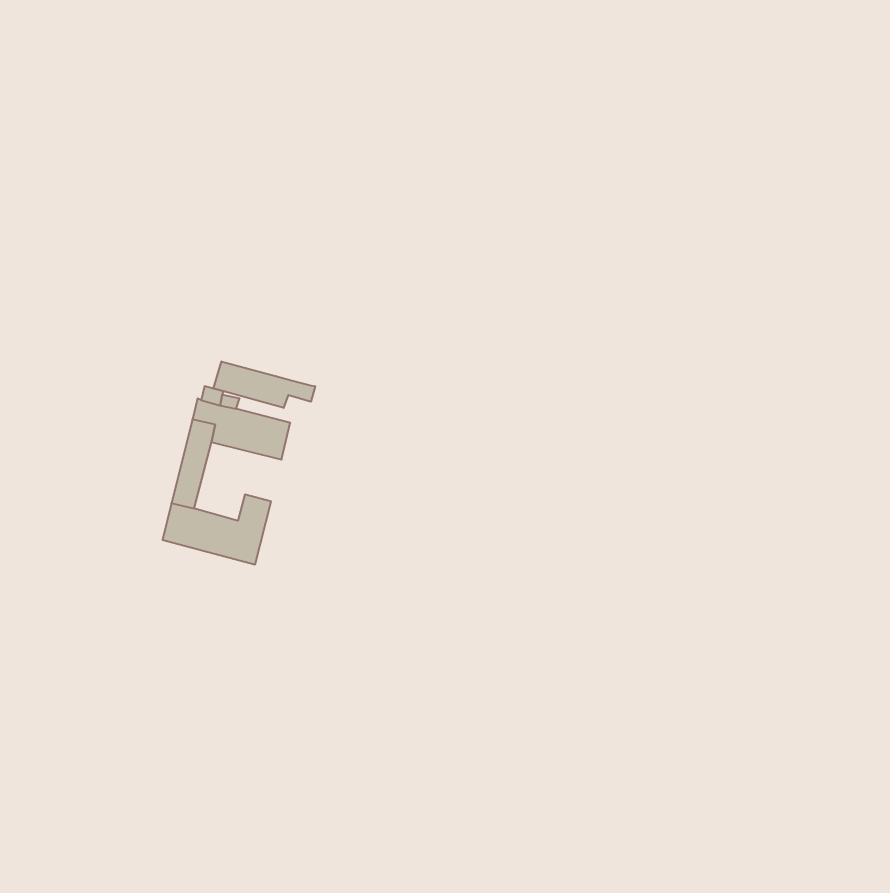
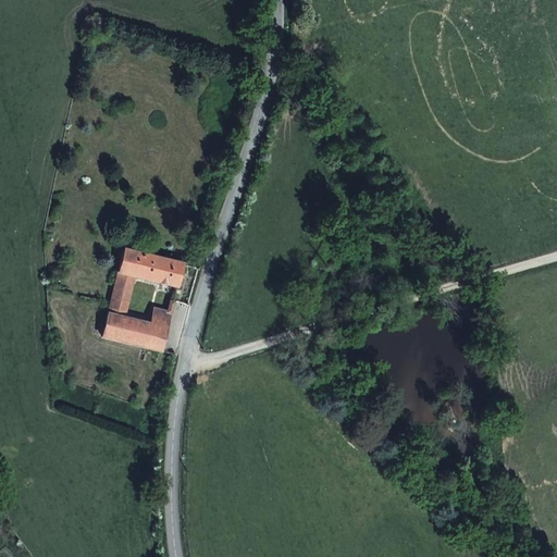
building: [213,361,315,408] -> none

